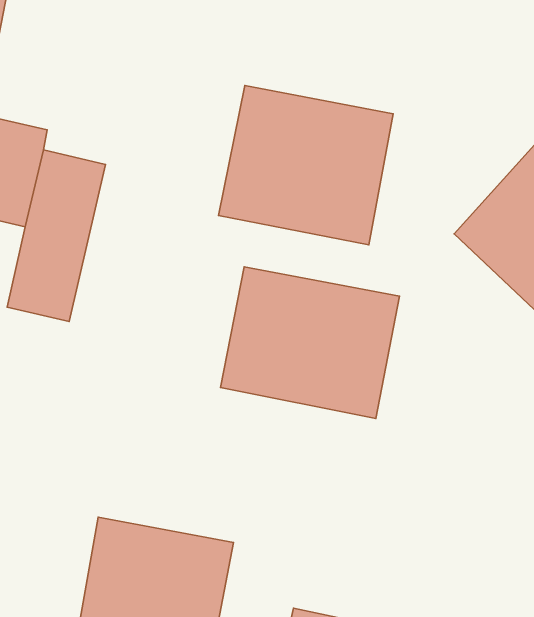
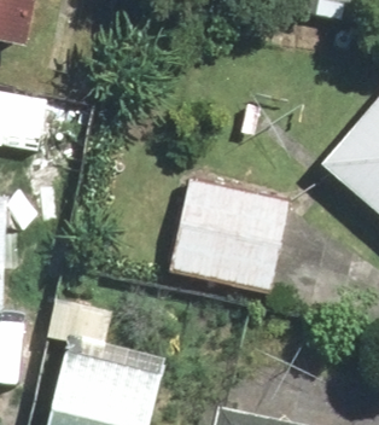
building: [219,85,393,245] -> none

